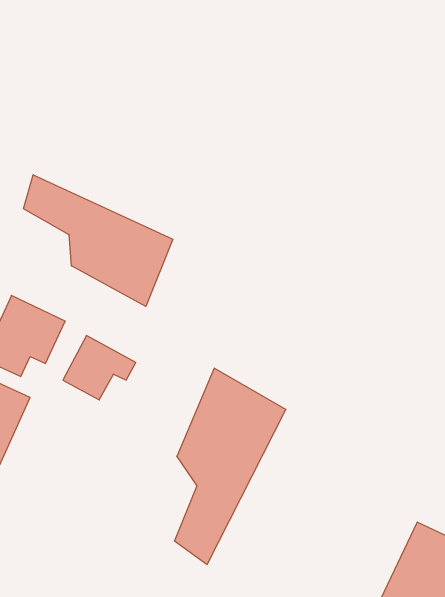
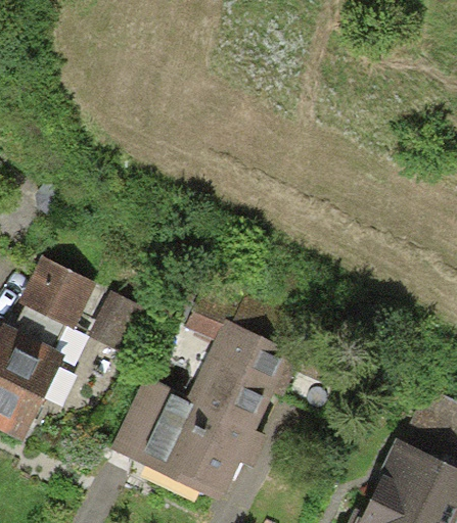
building: [23,175,173,306] -> none
building: none -> [122,377,205,472]

